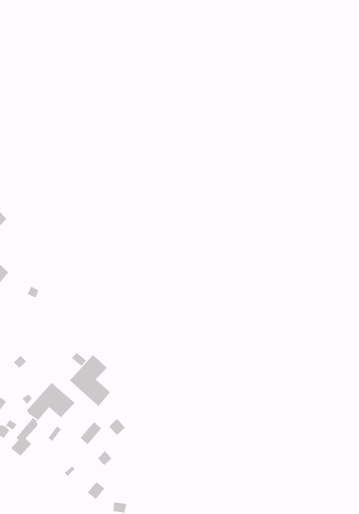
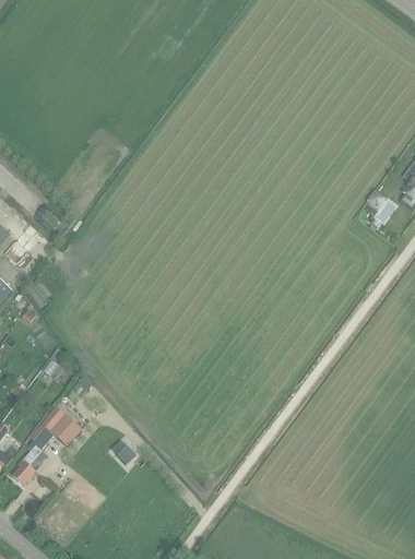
building: [69,354,111,407] -> none

